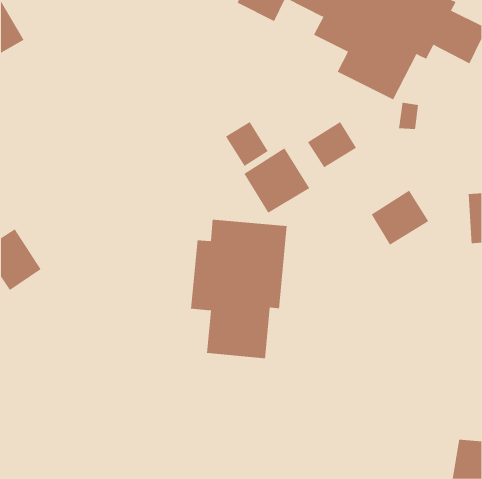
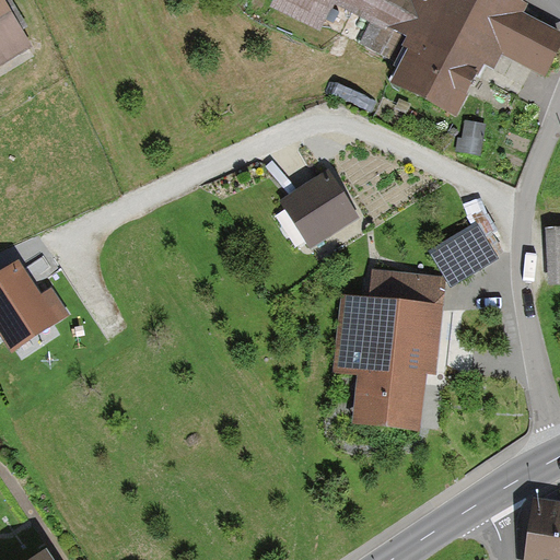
building: [307,121,357,168] -> none
building: [225,121,268,167] -> none
building: [190,219,287,359] -> [331,269,444,431]

